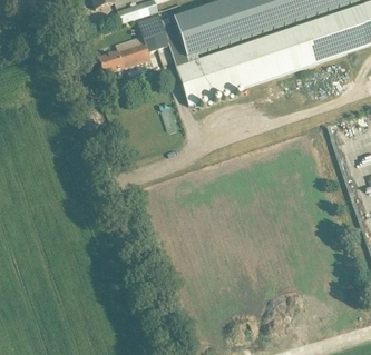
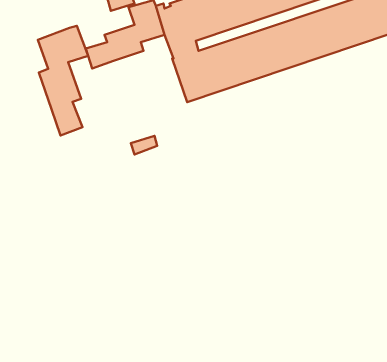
building: none -> [38,26,88,135]

